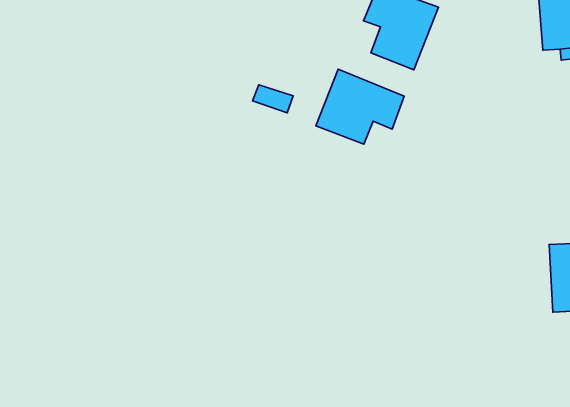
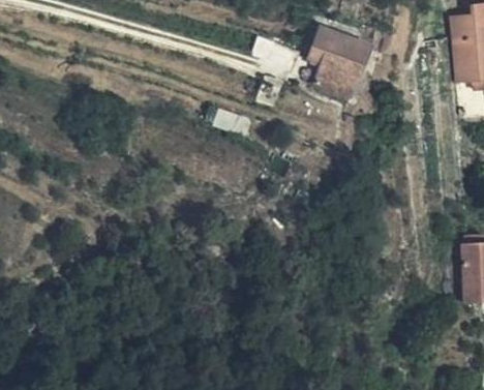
building: [316,69,404,144] -> none

